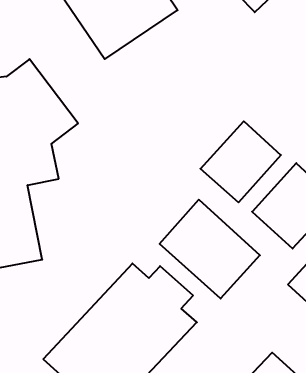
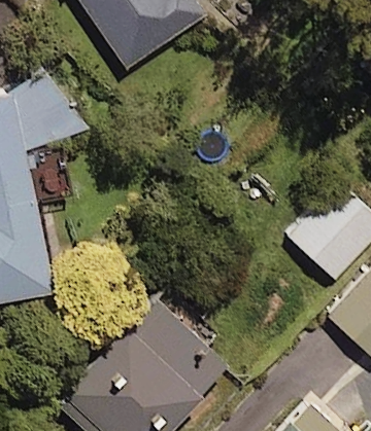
building: [200,121,281,202] -> none
building: [160,200,260,299] -> none

